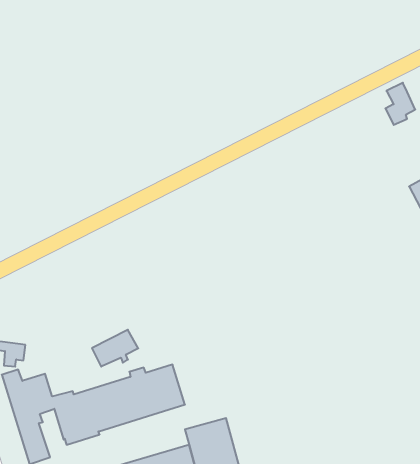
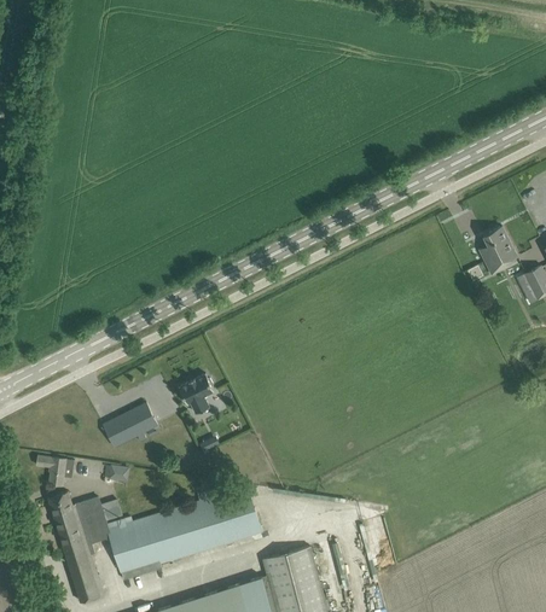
building: [385,83,415,125] -> [481,228,516,278]
building: none -> [178,375,214,415]
building: [92,330,138,367] -> [103,406,157,449]

